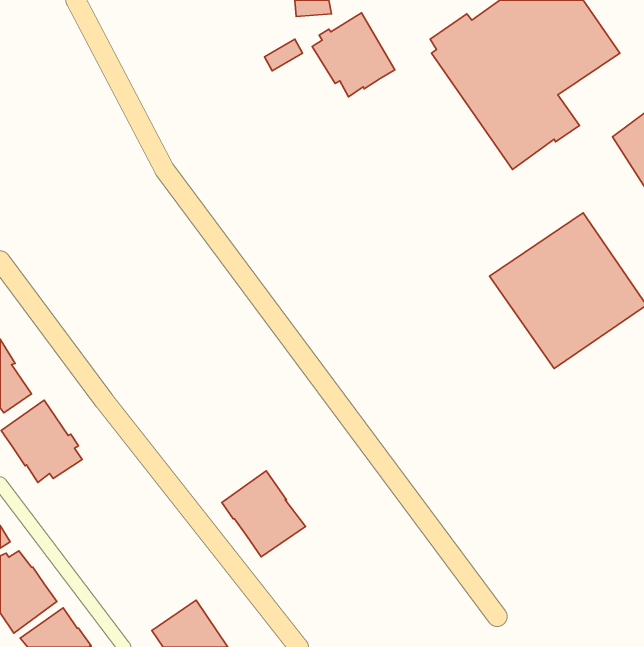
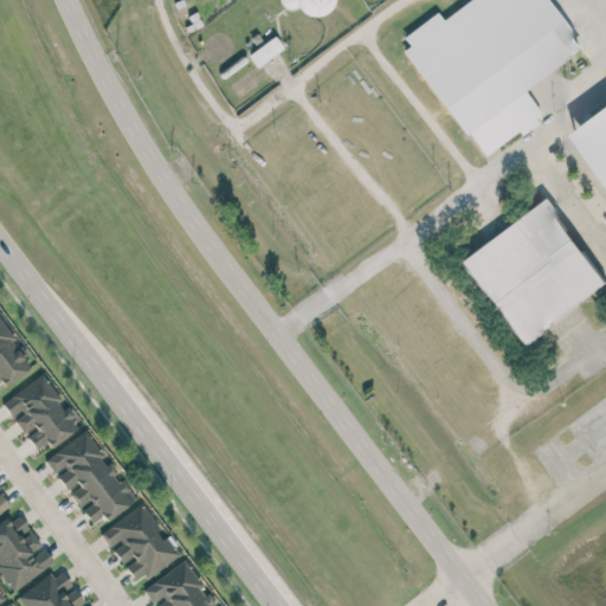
building: [312,13,395,97] -> none
building: none -> [46,430,138,523]
building: [222,471,305,557] -> [102,503,180,584]

